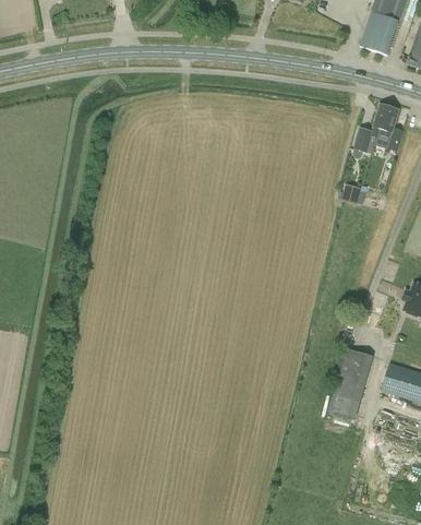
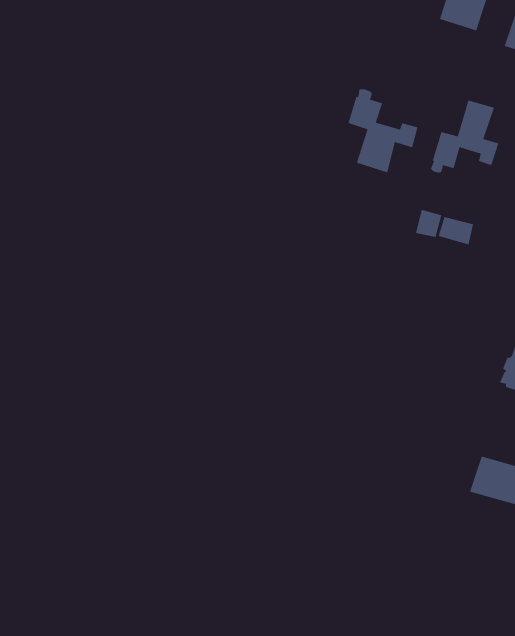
building: none -> [348,88,418,173]
building: [328,348,373,419] -> none

